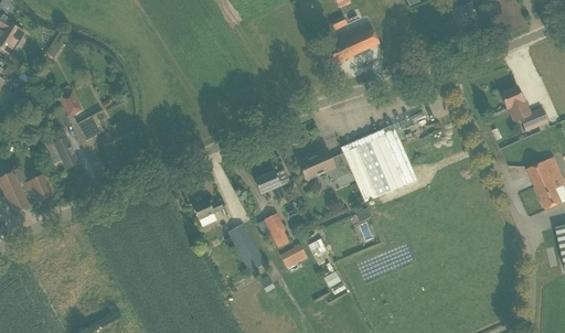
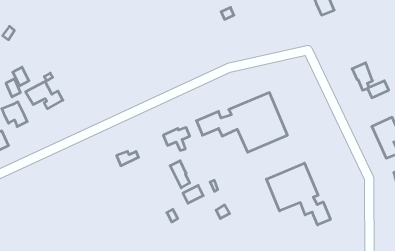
building: [326,23,379,64] -> none
building: none -> [266,163,330,225]
building: [225,224,265,271] -> none

